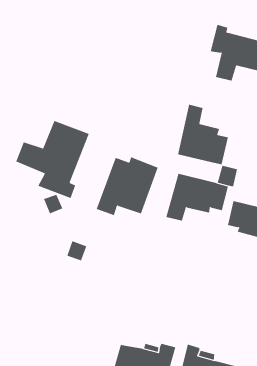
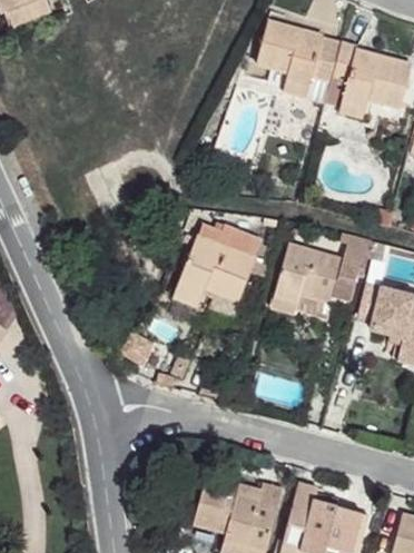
building: none -> [258,22,342,101]
building: [177,104,228,165] -> none
building: [15,120,90,199] -> none

